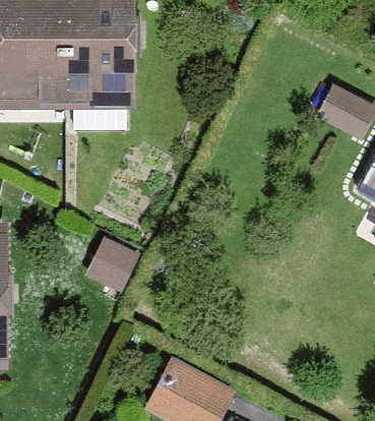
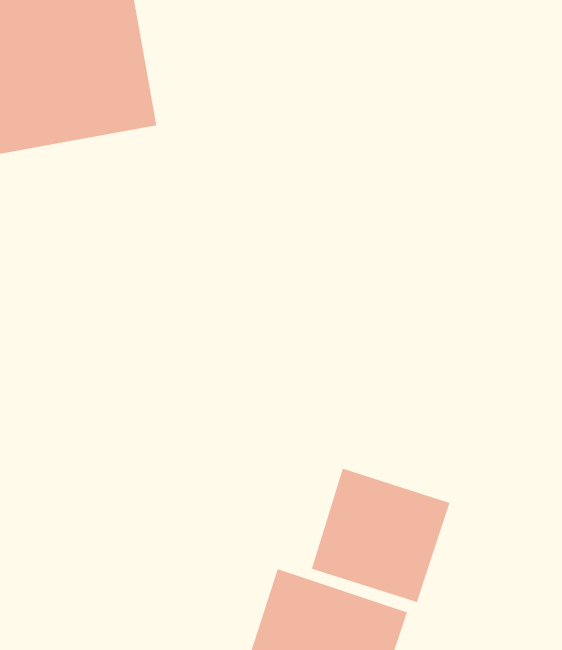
building: none -> [311,468,450,603]

